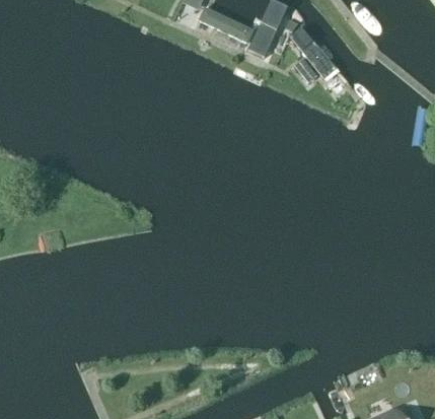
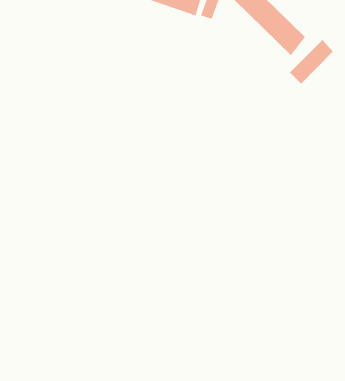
building: none -> [289,39,334,85]

